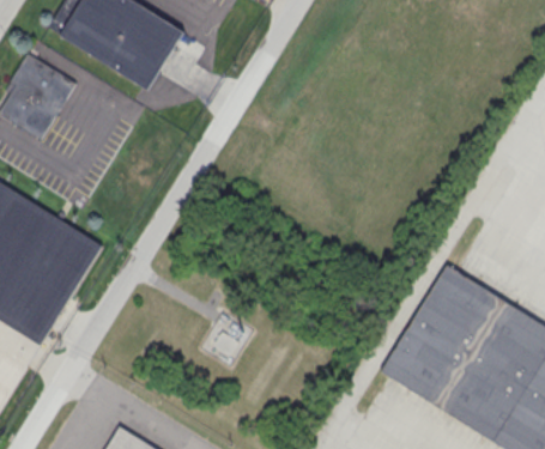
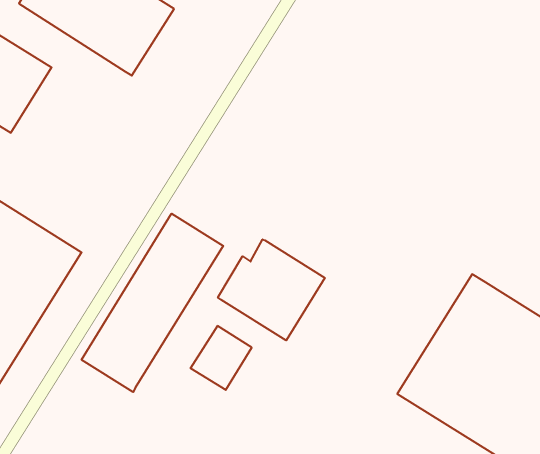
building: none -> [82,214,223,392]
building: none -> [218,239,325,340]

